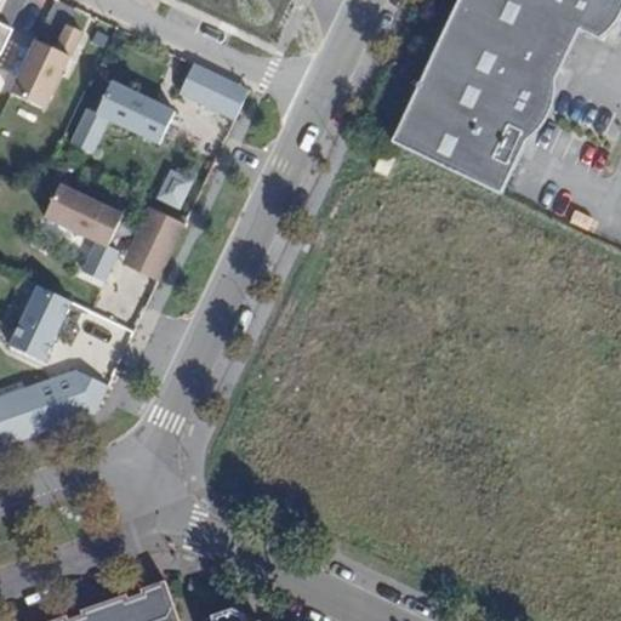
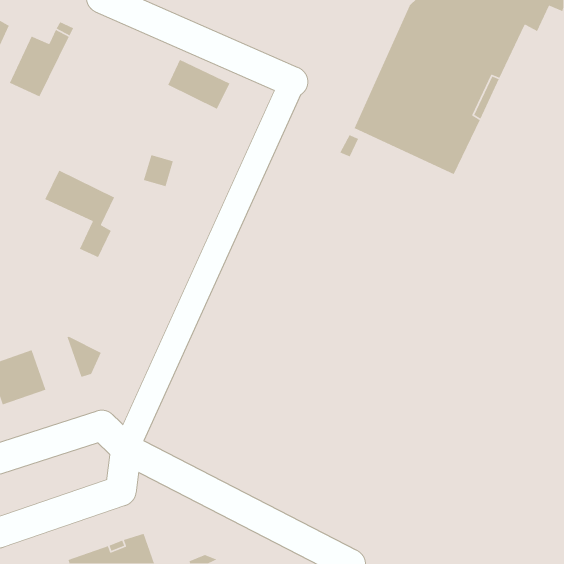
building: [69,80,173,152] -> none
building: [126,207,188,281] -> none
building: [11,285,74,361] -> none
building: [35,369,89,427] -> none

